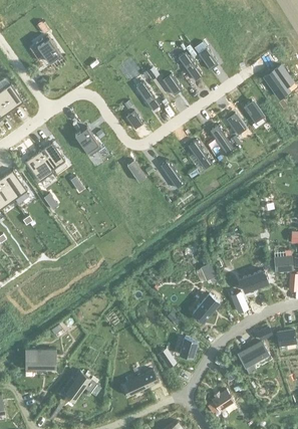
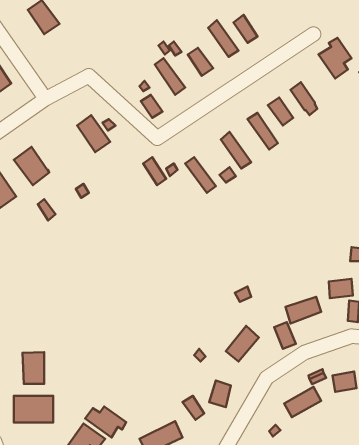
building: [38,143,64,171] -> none
building: none -> [22,352,44,384]
building: none -> [85,406,126,437]

